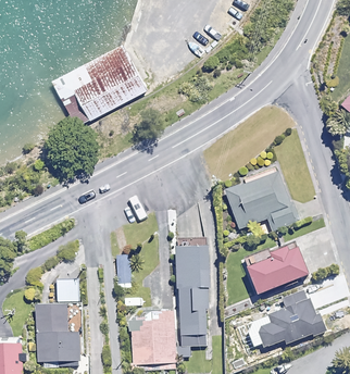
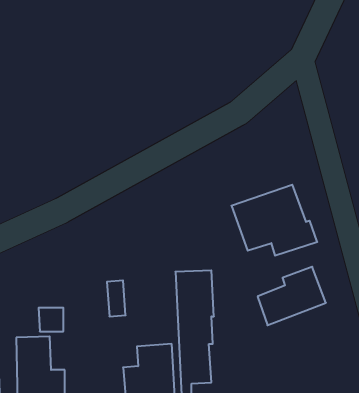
building: [55,46,150,126] -> none
building: [258,289,324,347] -> none

